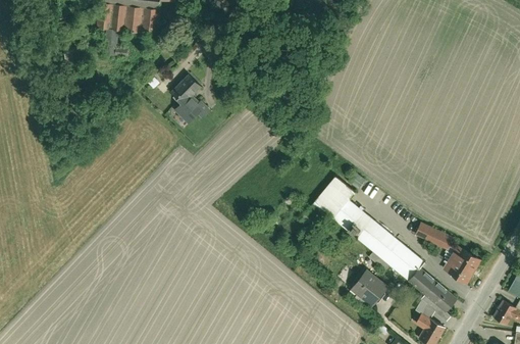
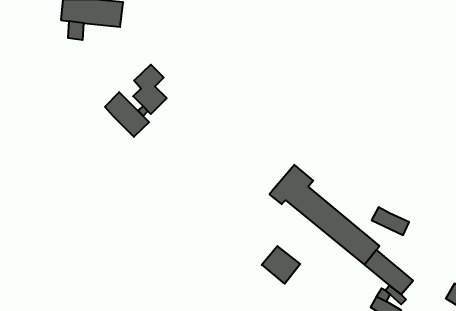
building: none -> [105,92,149,137]
building: [443,244,482,284] -> none
building: [350,268,389,307] -> [262,246,300,284]

